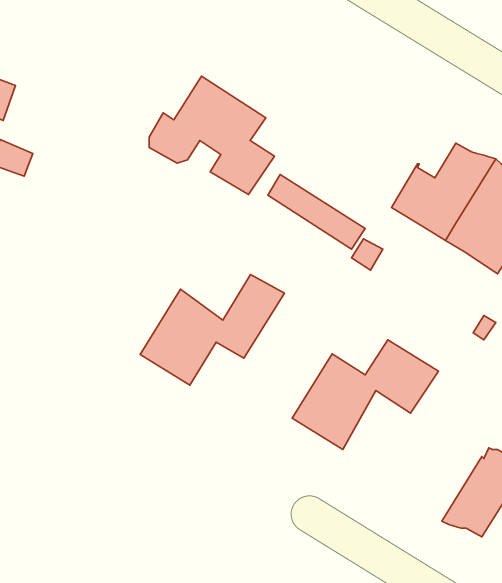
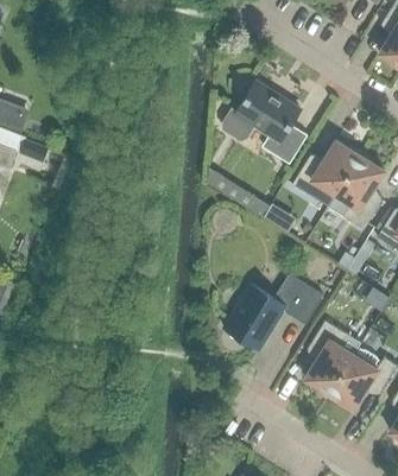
building: [149,76,275,195] -> [220,81,305,161]
building: [140,274,284,385] -> none
building: none -> [304,319,360,398]

